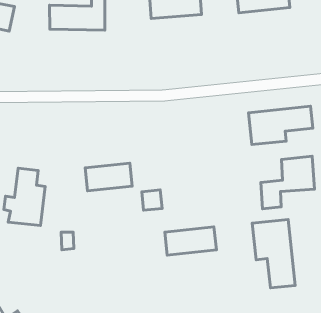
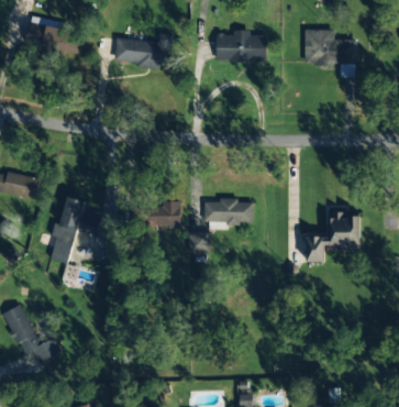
building: [249,106,313,145] -> none
building: [252,219,295,288] -> none
building: [165,227,216,255] -> [204,199,254,222]

